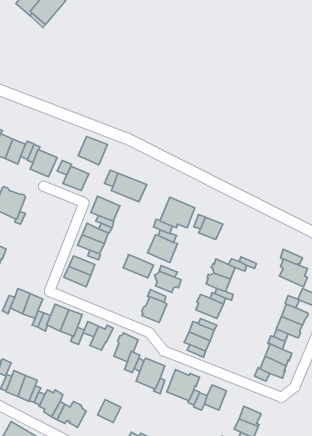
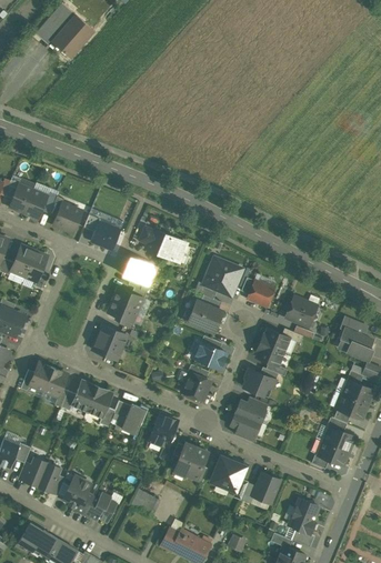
building: [78,136,107,165] -> none
building: none -> [284,295,317,326]
building: [123,254,154,278] -> none

